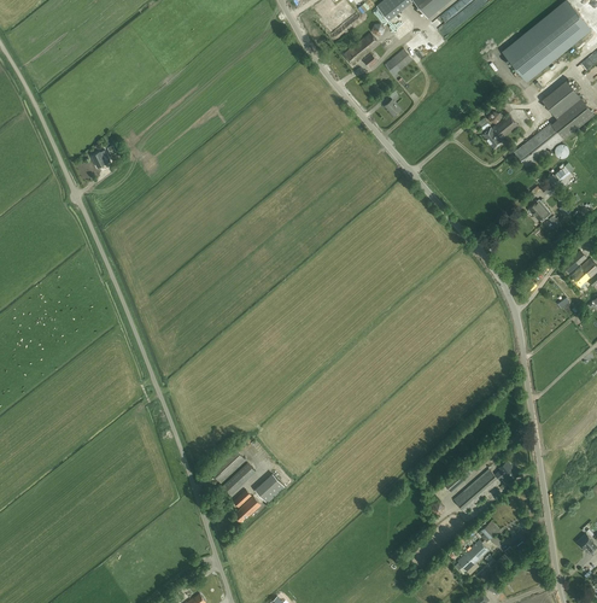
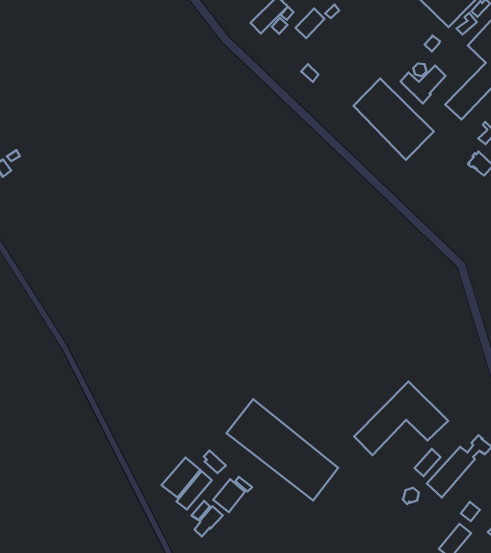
building: none -> [353,78,434,160]
building: none -> [227,399,338,500]
building: none -> [354,381,448,455]

